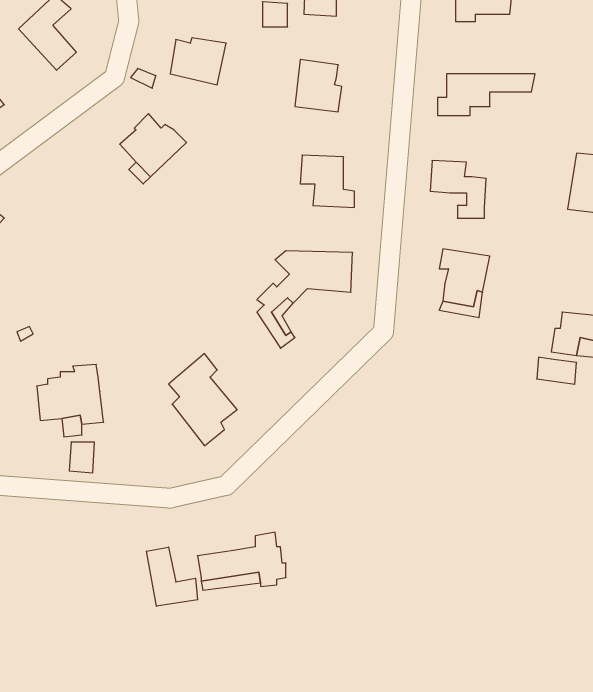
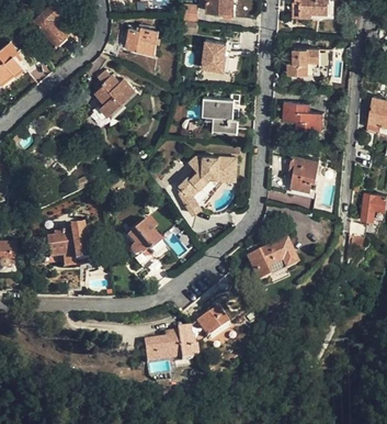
building: none -> [247,239,297,281]
building: none -> [195,306,228,337]
building: [147,547,198,606] -> none

